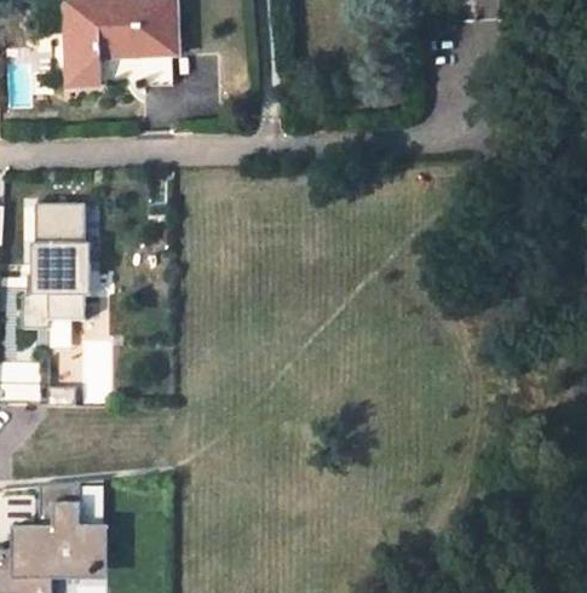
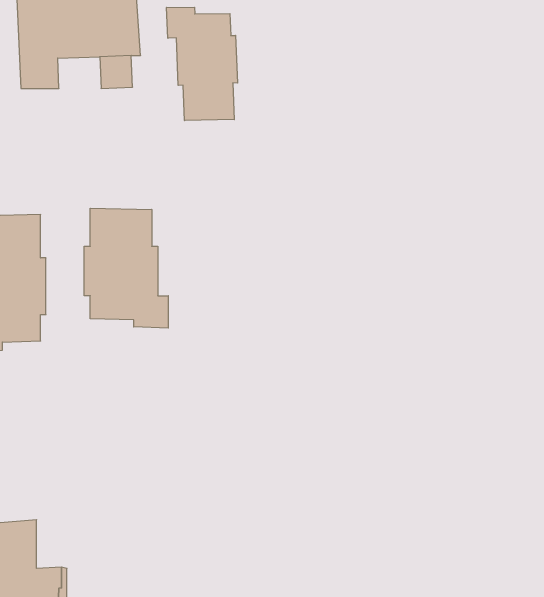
building: none -> [167,7,238,121]
building: none -> [84,208,168,328]

